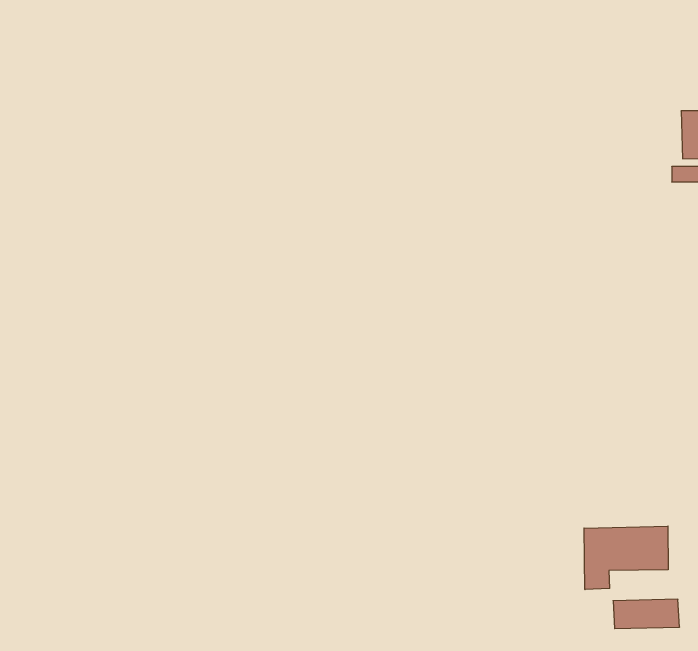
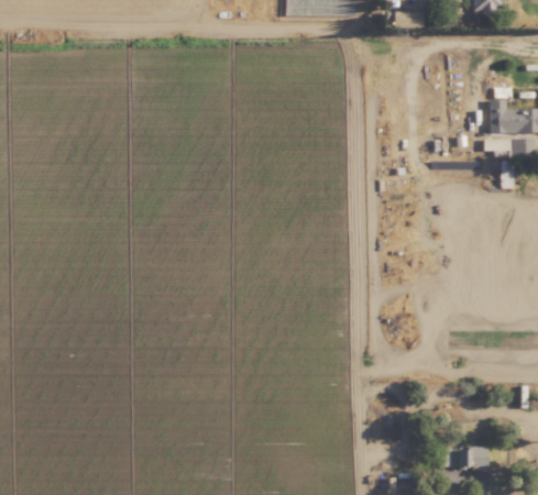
building: [584,526,668,590] -> none

